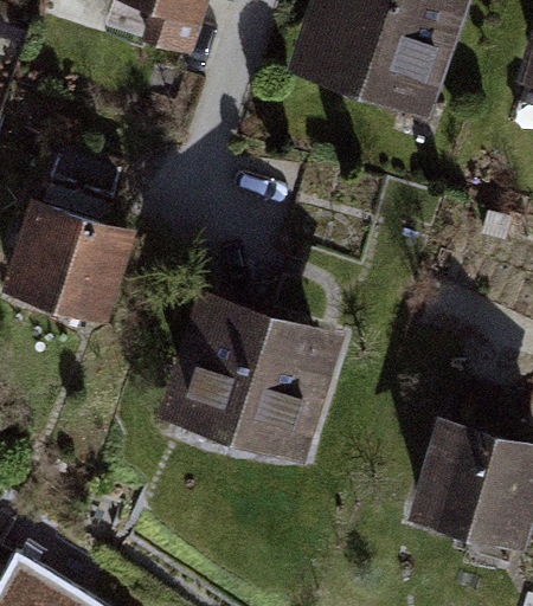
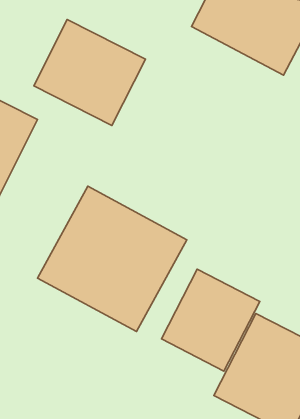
building: none -> [34,19,145,125]
building: none -> [161,269,260,371]

